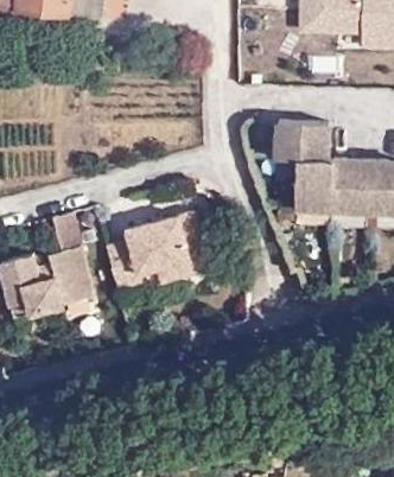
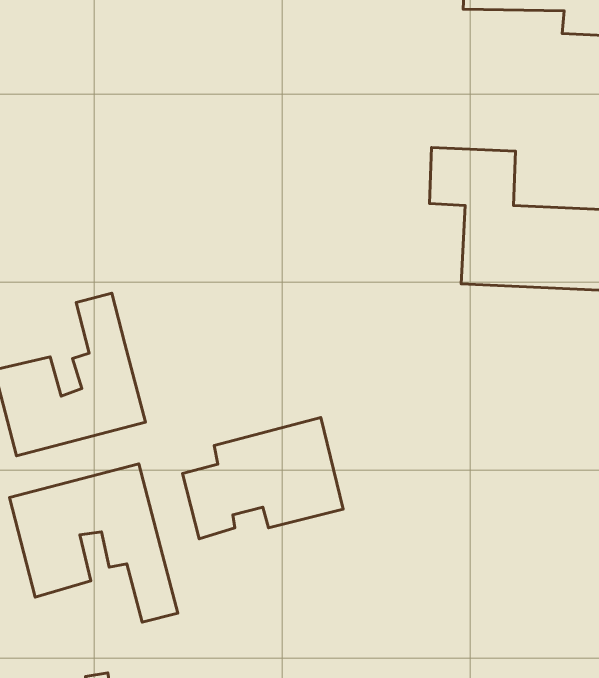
building: [104,212,206,290] -> [182,417,343,539]
building: none -> [9,464,178,622]

